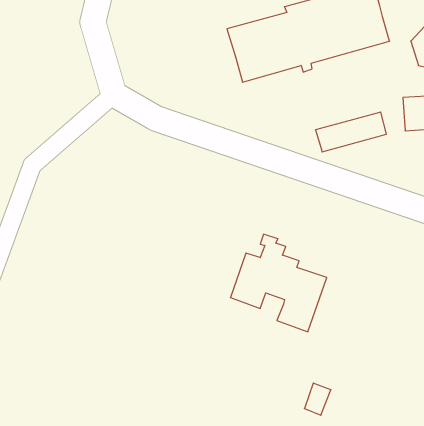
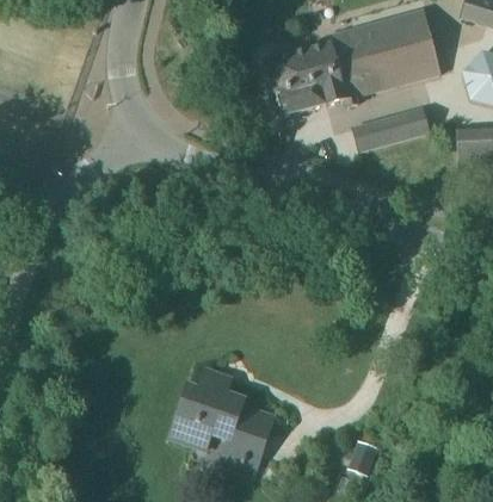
building: [315,112,386,152] -> [352,107,429,150]
building: [230,234,327,332] -> [170,368,273,473]

